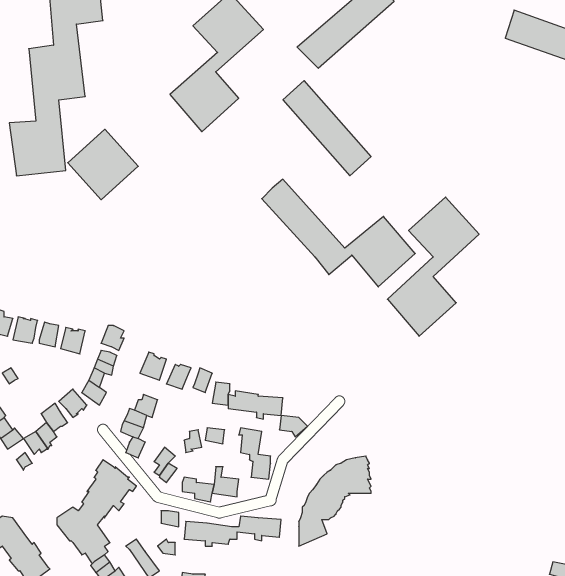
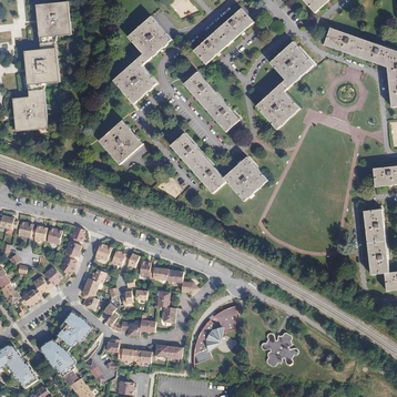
building: [68,129,138,200] -> [99,120,143,164]
building: [387,197,479,336] -> [256,41,314,129]
building: none -> [261,332,297,366]

